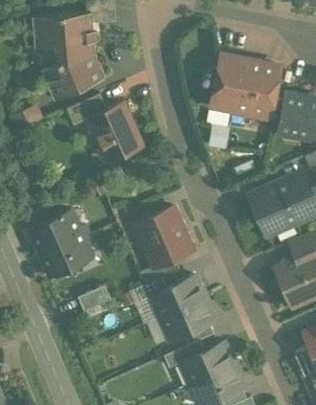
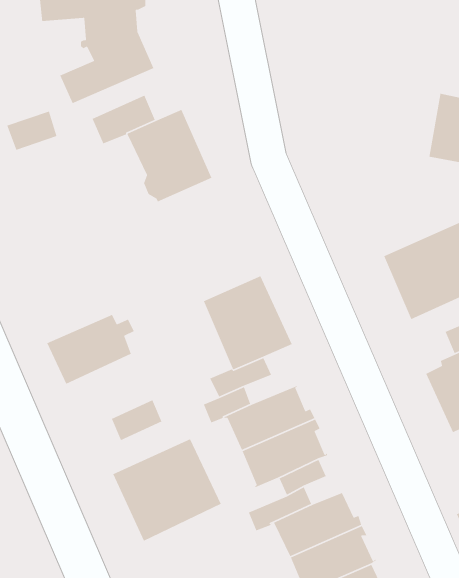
building: [206,56,280,119] -> none
building: [29,210,90,249] -> none
building: none -> [112,438,222,542]

